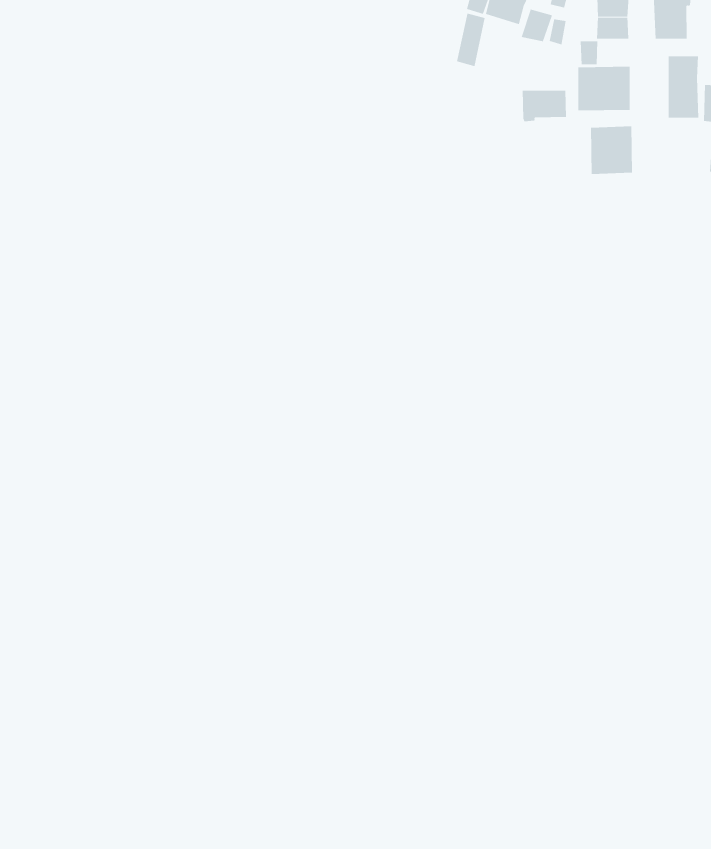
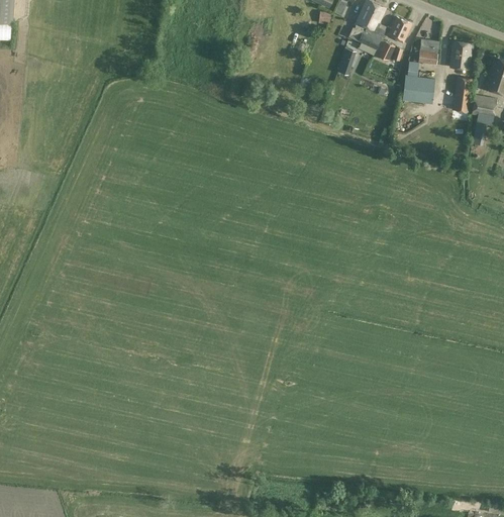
building: [522,90,567,122] -> none
building: [590,126,633,175] -> none

